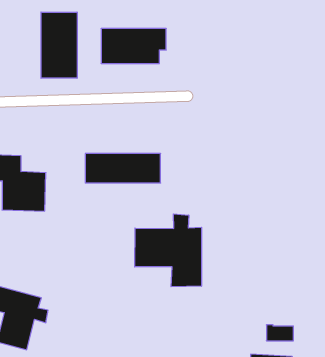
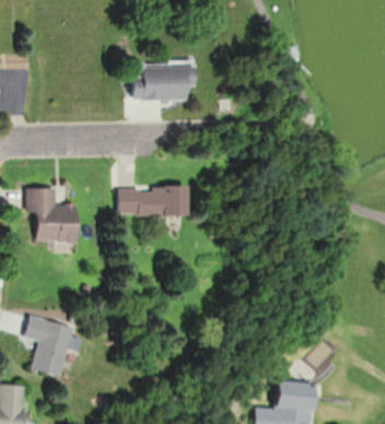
building: [41,12,77,78] -> none
building: [135,214,201,287] -> none

